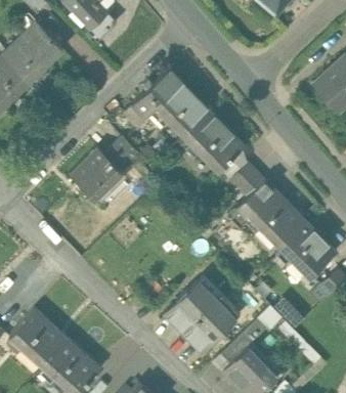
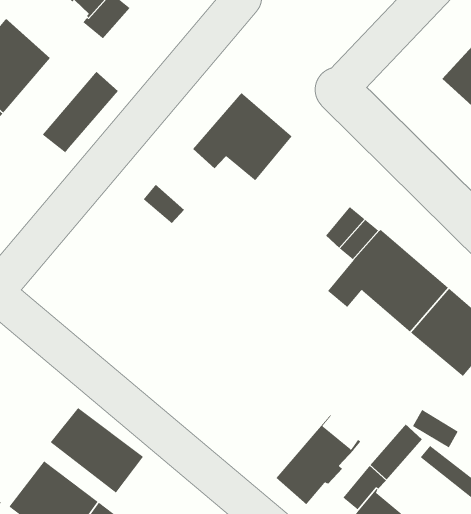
building: [130,69,182,120] -> [42,71,119,153]
building: [186,115,244,173] -> none
building: [69,148,121,201] -> none
building: none -> [50,407,144,493]
building: [163,277,221,334] -> none

